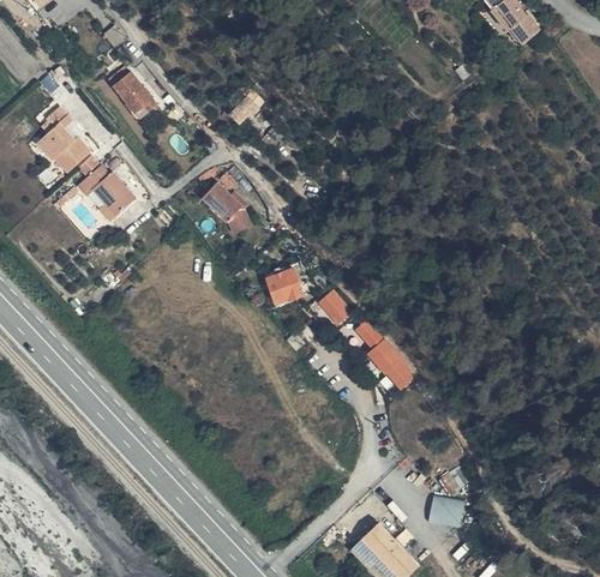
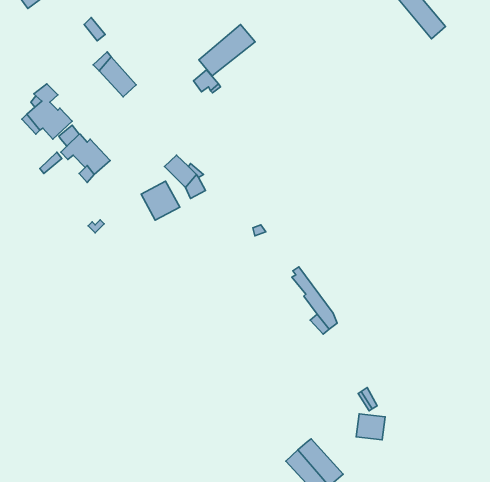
building: none -> [199,25,255,76]
building: none -> [141,181,180,220]
building: [266,269,308,306] -> none
building: [319,287,355,324] -> none

